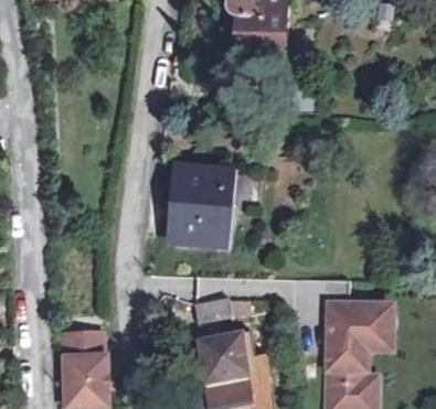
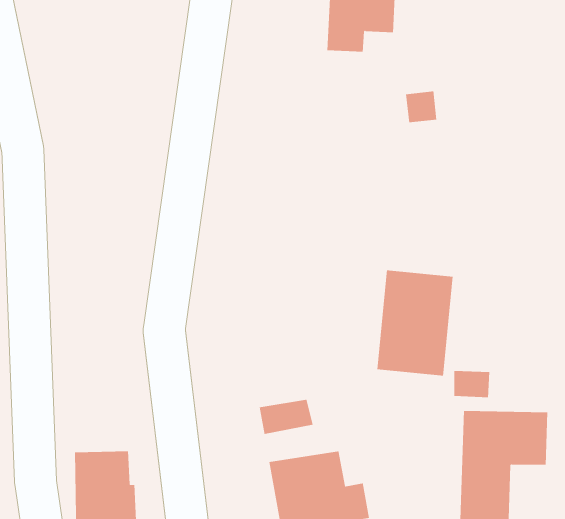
building: [178,169,231,241] -> [376,270,454,376]

